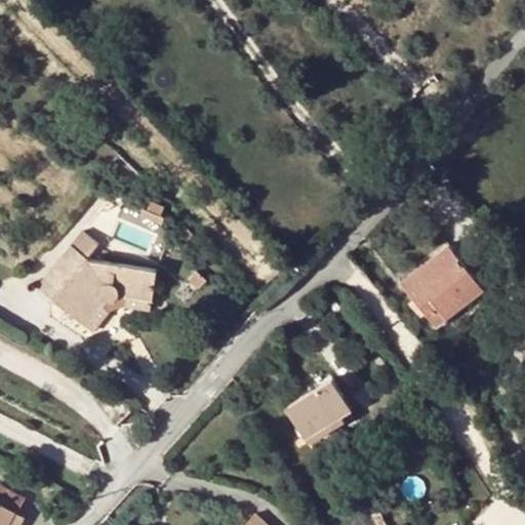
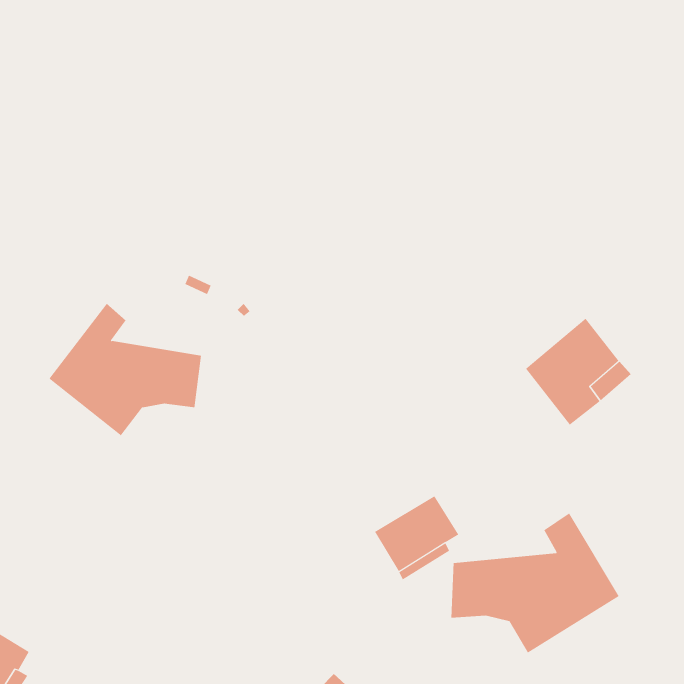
building: none -> [451,513,619,653]

